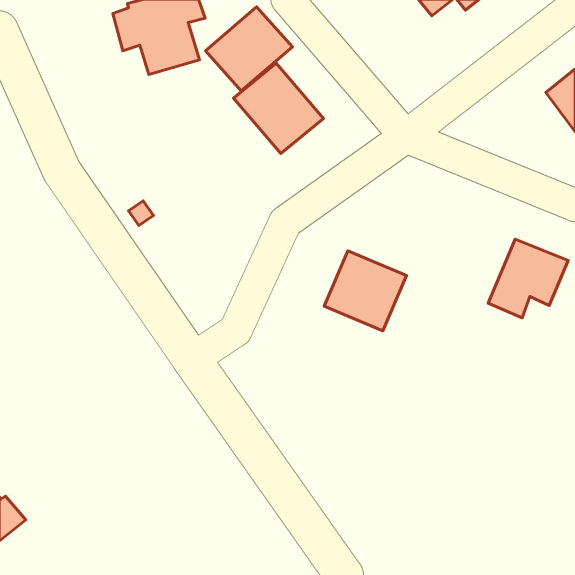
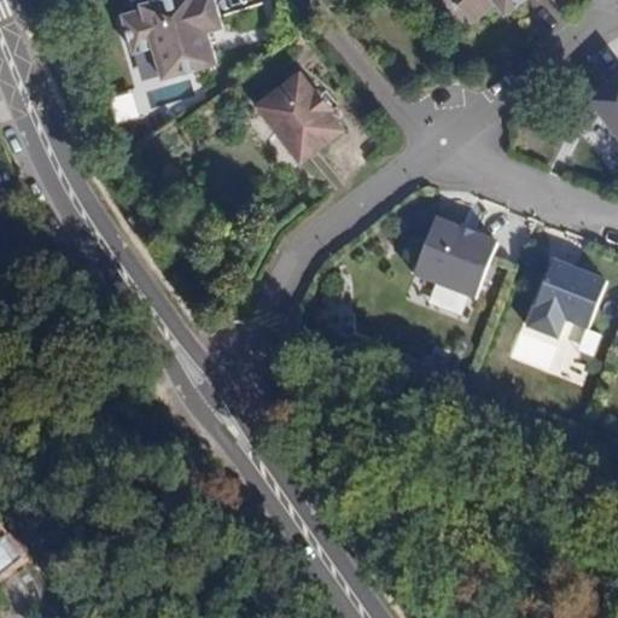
building: [205,7,293,91] -> none
building: [324,251,406,331] -> [412,214,500,299]

